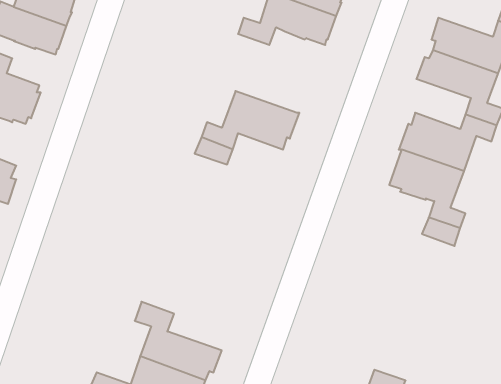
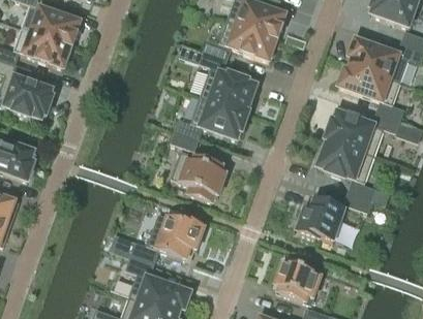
building: none -> [199,51,256,110]
building: none -> [171,150,225,200]
building: none -> [297,197,344,240]
building: none -> [129,212,204,263]
building: none -> [275,255,321,302]

